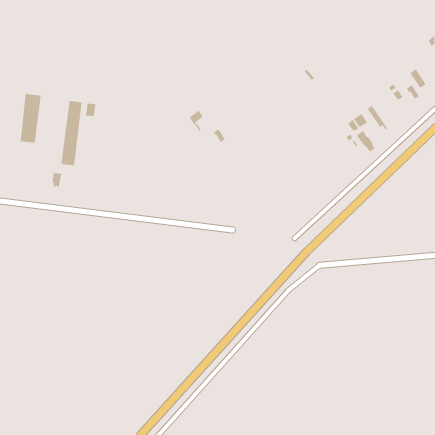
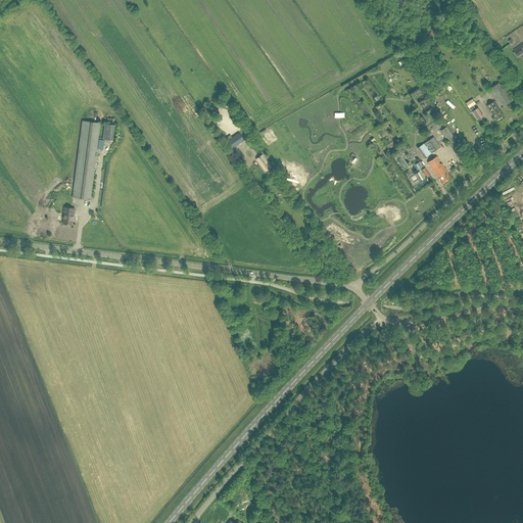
building: [20,93,41,144] -> none

